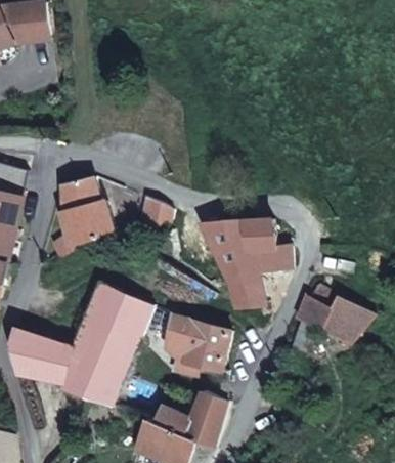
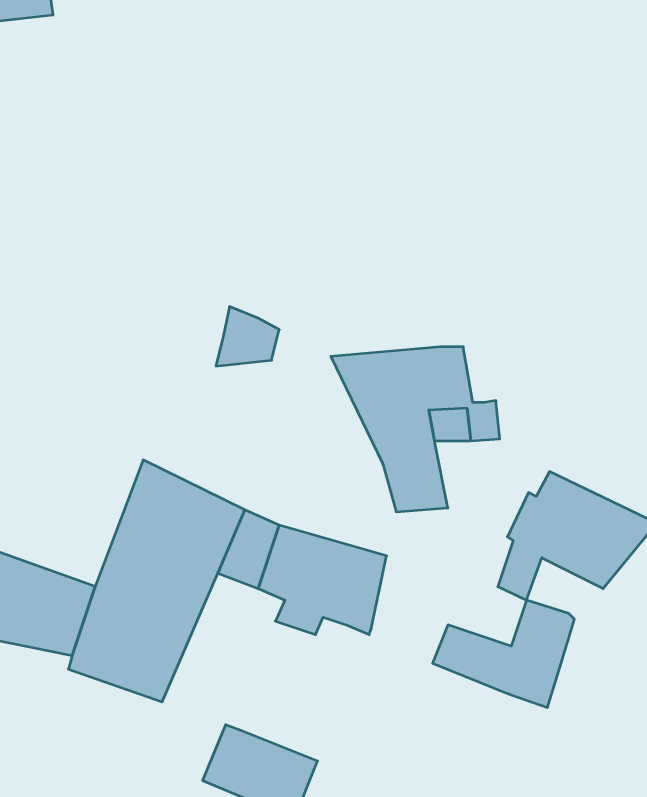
building: [51,176,109,257] -> none
building: [152,389,228,447] -> [433,600,574,707]

